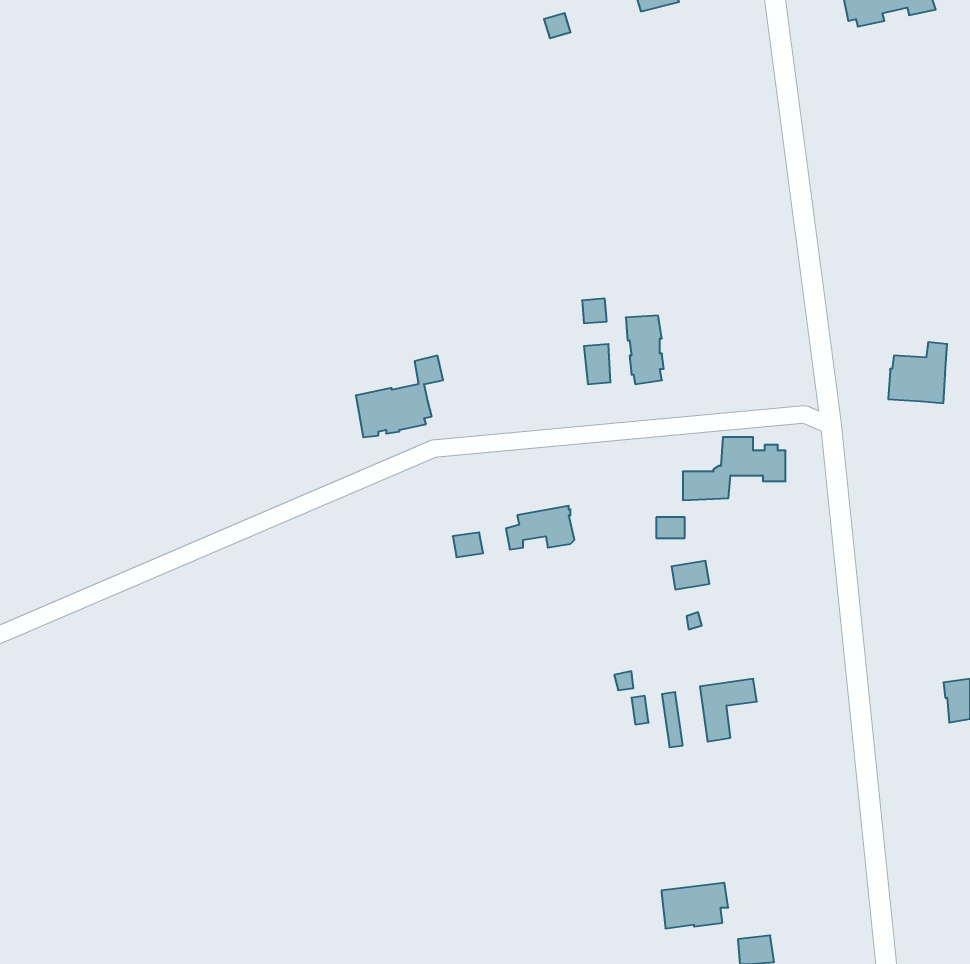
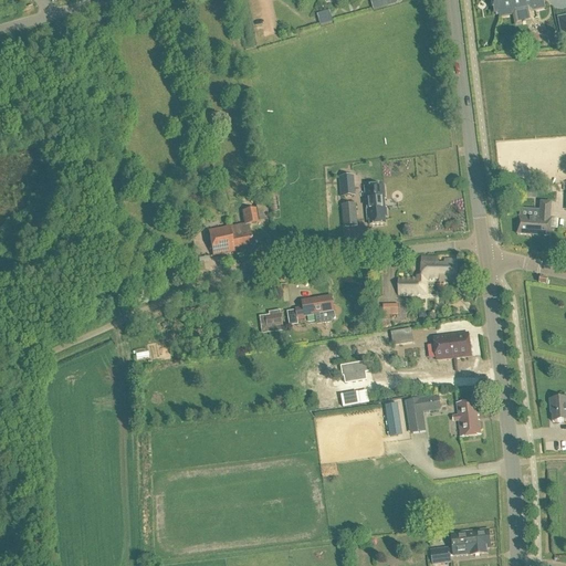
building: none -> [433,332,471,358]
building: none -> [340,359,368,381]
building: none -> [458,400,479,434]
building: [662,883,728,928] -> [451,528,490,555]

